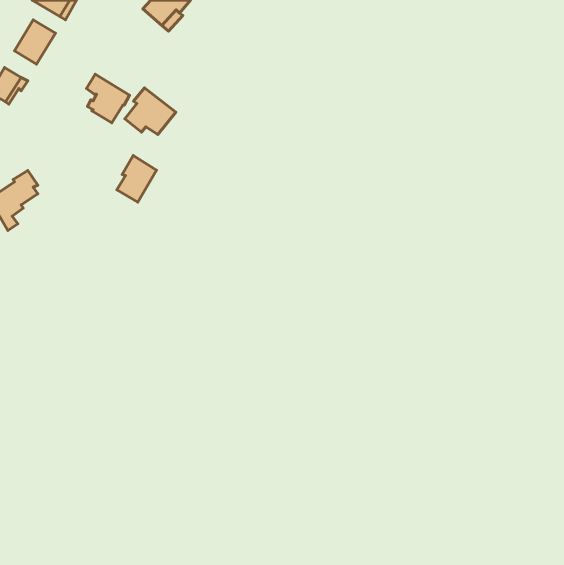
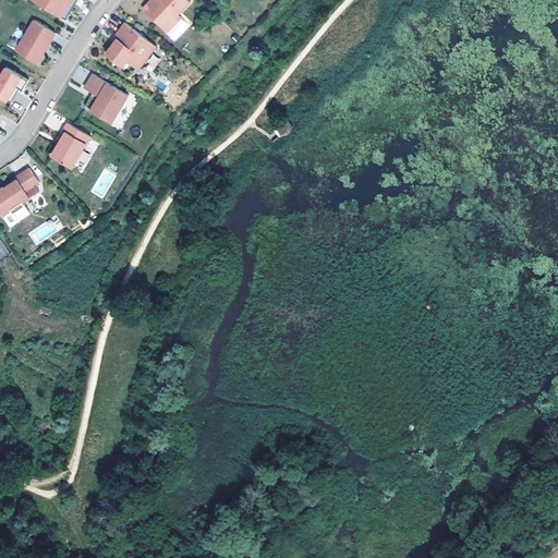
building: [125,88,176,134] -> [105,23,155,69]
building: [117,156,157,202] -> [51,122,90,168]

